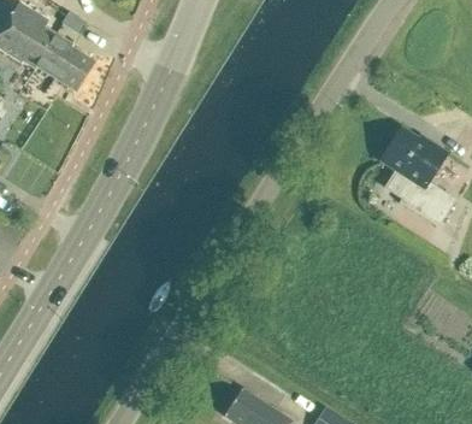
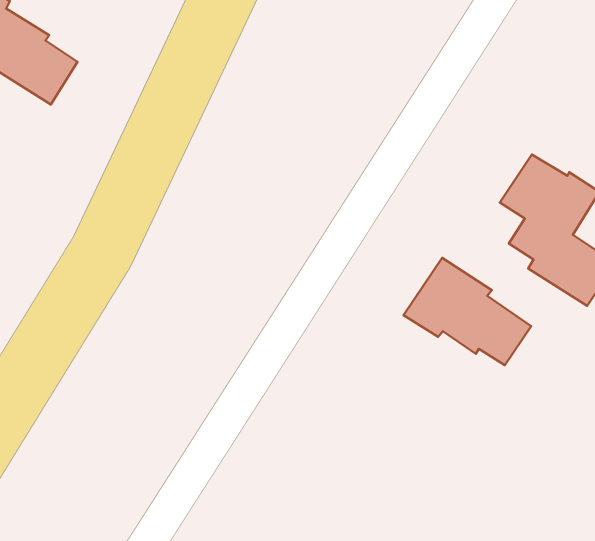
building: none -> [404,258,531,365]

